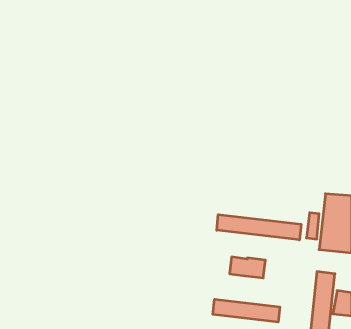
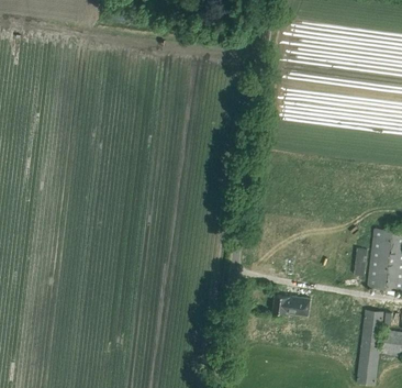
building: [217,215,301,240] -> none
building: [213,299,280,322] -> none

